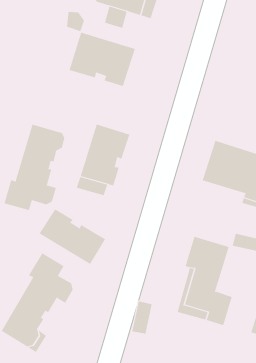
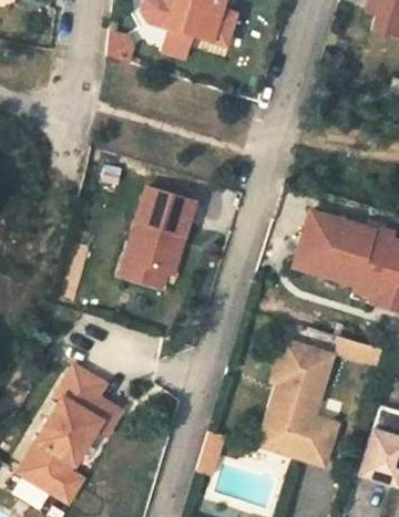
building: [69,32,136,87] -> none
building: [4,124,65,211] -> none
building: [39,208,106,265] -> none

